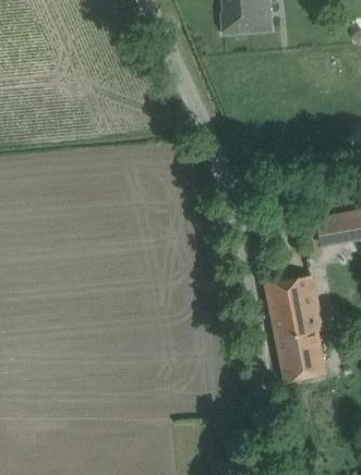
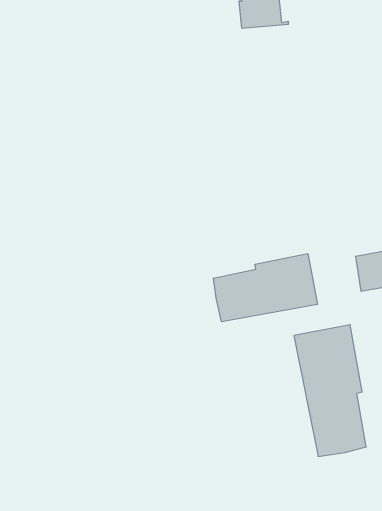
building: none -> [213,254,318,322]

